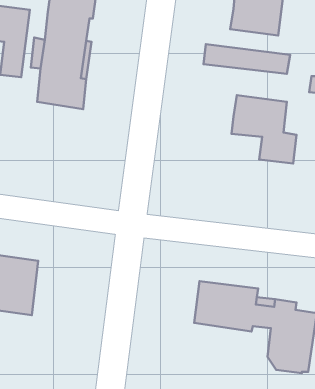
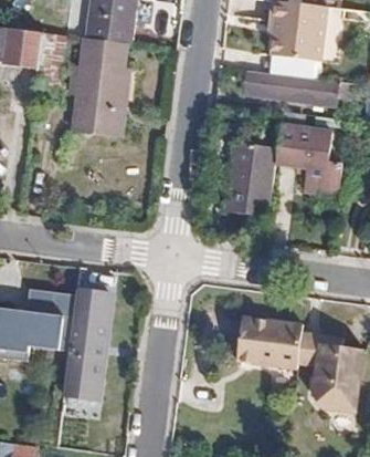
building: none -> [226,142,277,216]
building: none -> [63,290,109,398]

